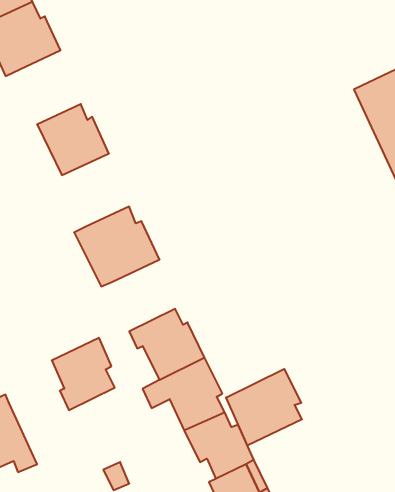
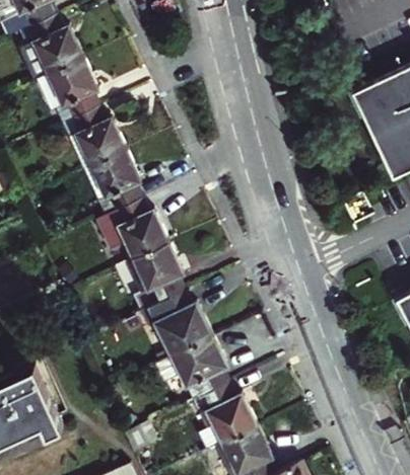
building: none -> [38,60,106,127]
building: none -> [88,153,149,219]
building: [52,338,115,410] -> [134,248,191,313]
building: [226,369,302,446] -> none

